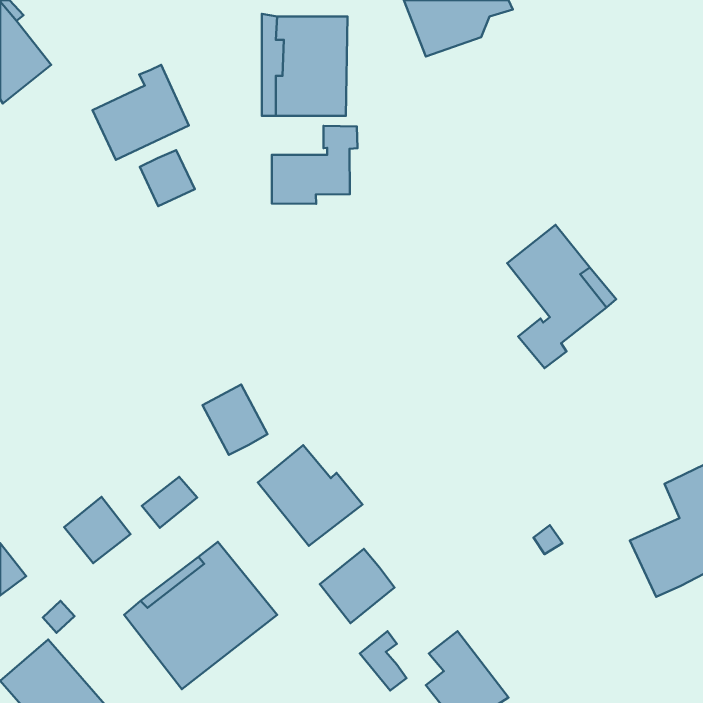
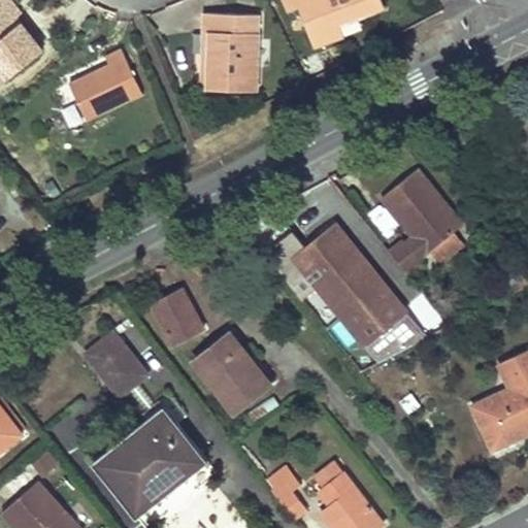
building: [272,126,357,204] -> none
building: [140,150,195,206] -> none
building: none -> [263,223,424,362]
building: [64,497,130,563] -> [86,330,135,380]
building: [320,549,395,623] -> none

